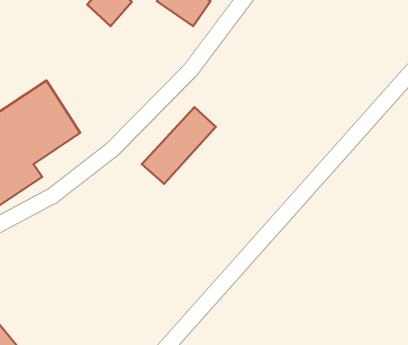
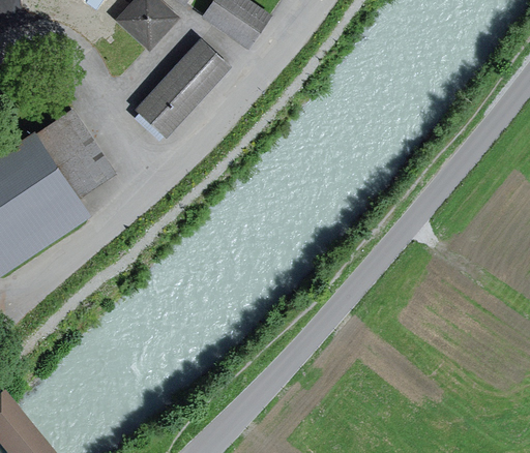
building: [142,107,216,184] -> [138,43,227,135]

